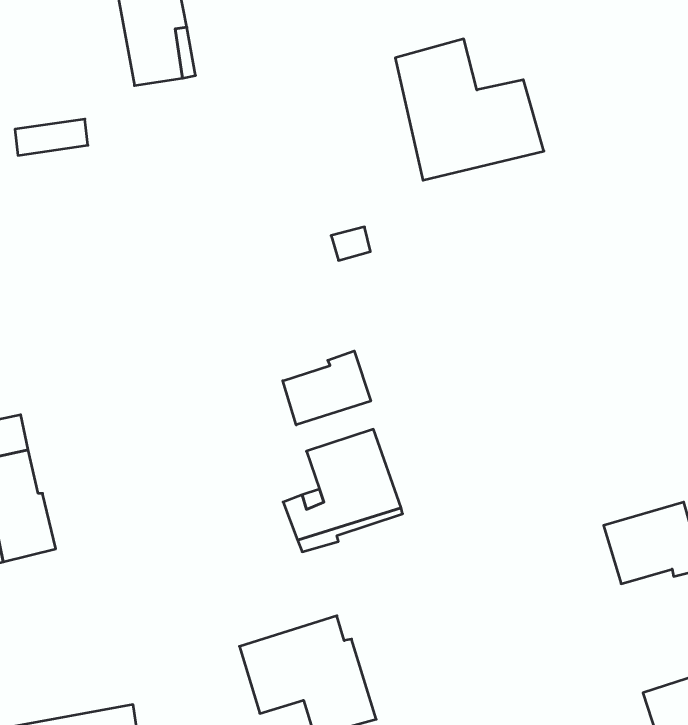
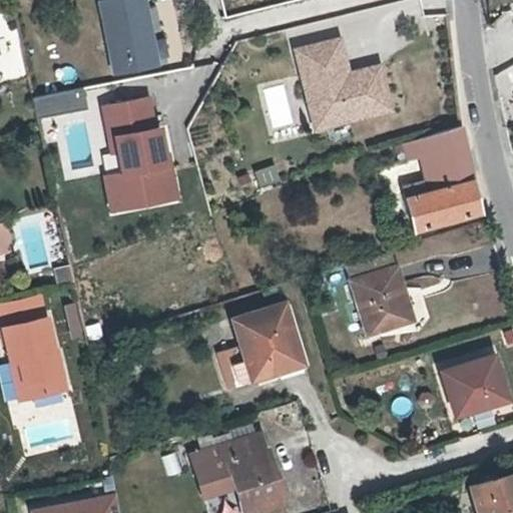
building: none -> [101,94,176,214]
building: none -> [404,136,482,230]
building: [283,351,371,425] -> none
building: none -> [351,251,414,333]

